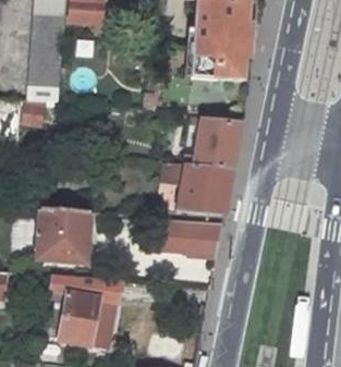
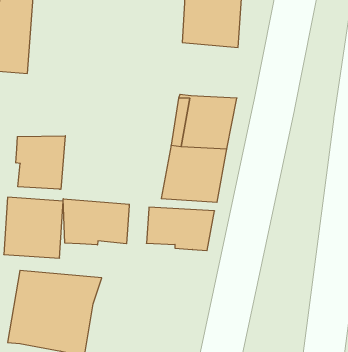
building: none -> [16,136,65,189]
building: none -> [63,199,129,245]

